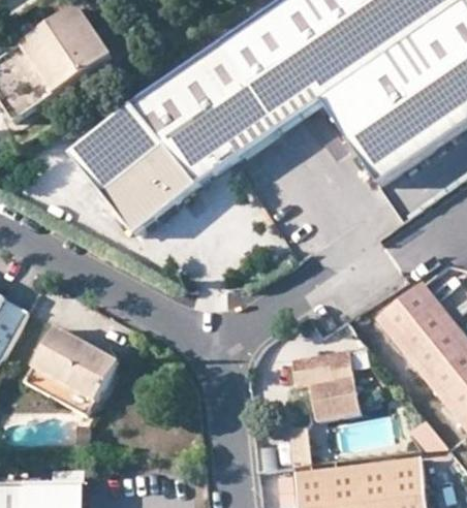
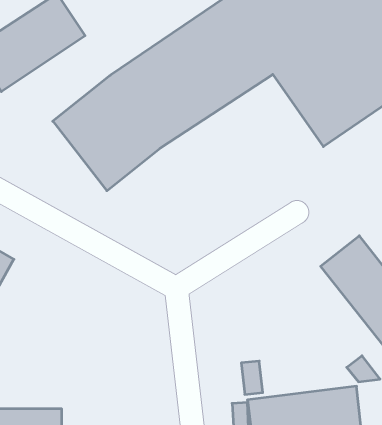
building: [25,325,117,415] -> none
building: [293,351,359,418] -> none

